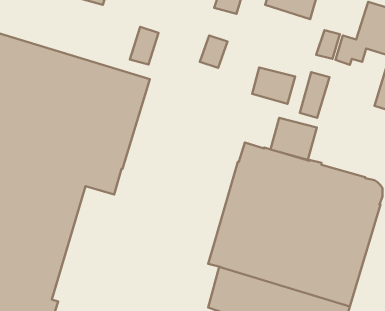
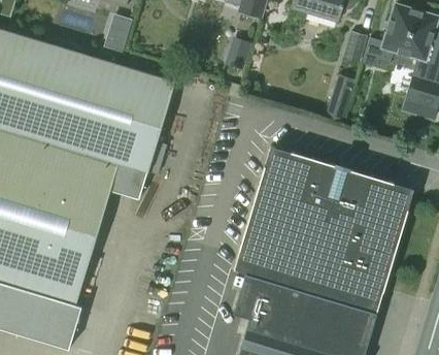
building: [130,27,159,65] -> [104,14,133,53]
building: [252,67,295,104] -> none
building: [271,118,317,160] -> none

